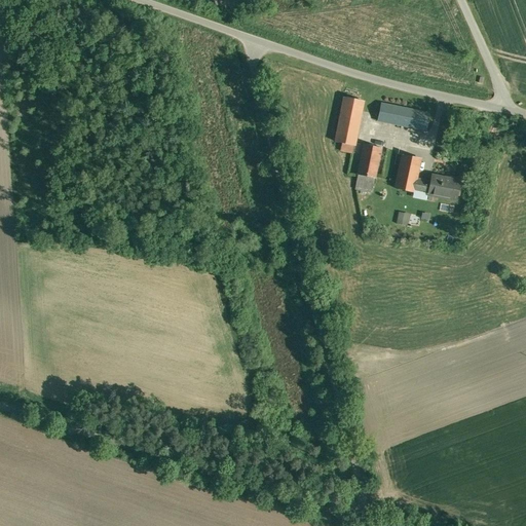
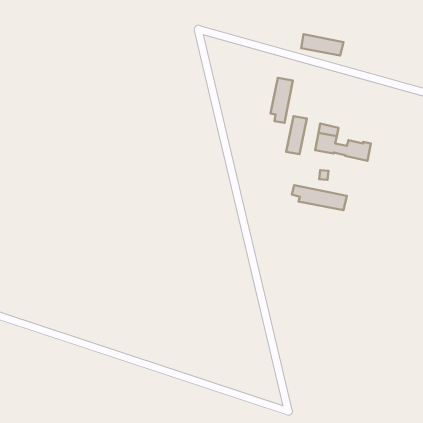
building: [378,103,430,129] -> [301,34,343,56]
building: none -> [292,185,347,210]

